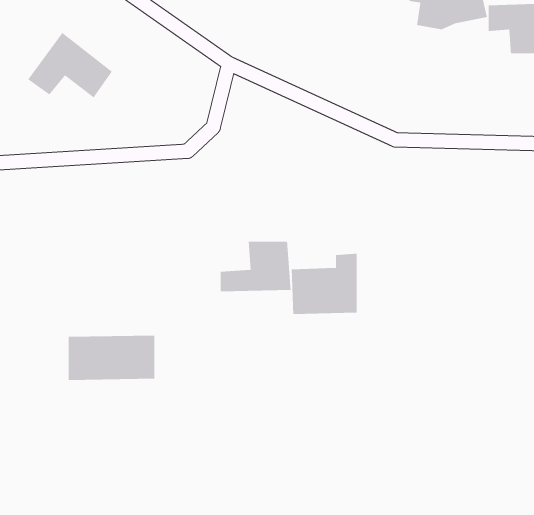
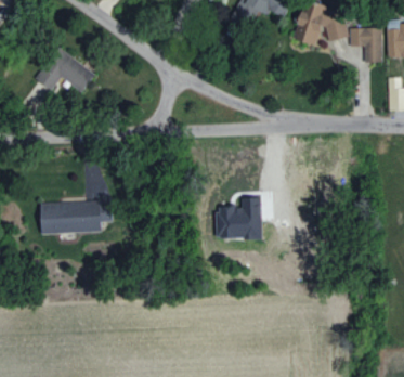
building: [220,241,292,292] -> none
building: [68,335,155,381] -> [40,202,100,233]

